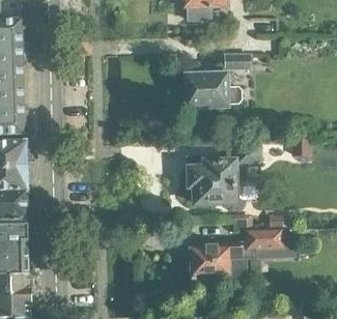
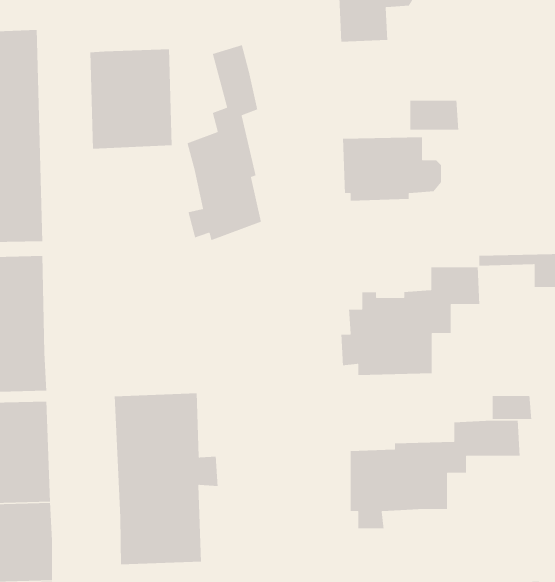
building: none -> [187,44,262,241]
building: none -> [90,48,173,149]
building: none -> [114,392,218,565]

